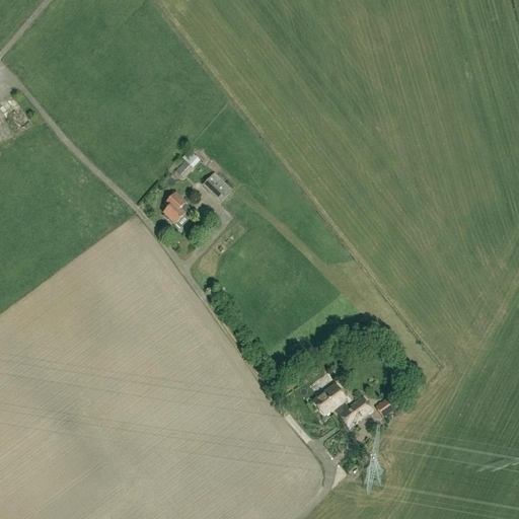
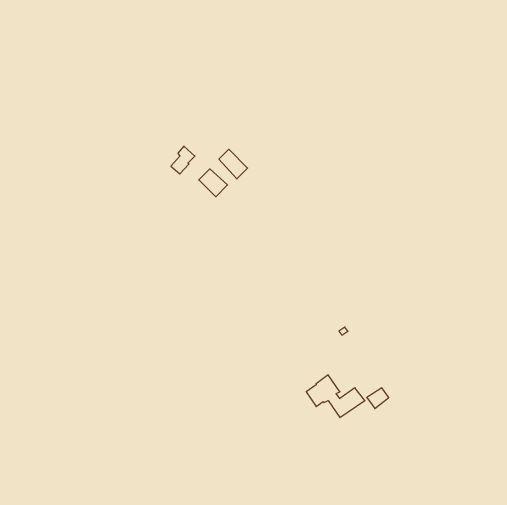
building: none -> [219,149,248,179]
building: [162,192,189,223] -> none

